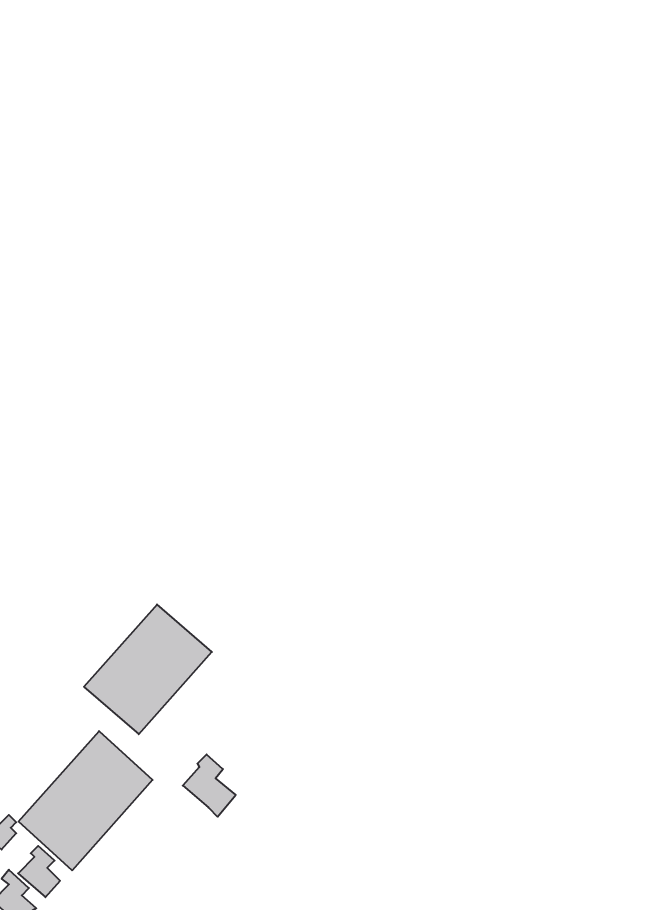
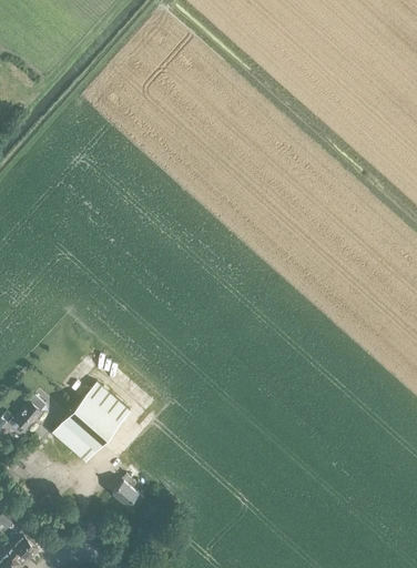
building: none -> [13,395,45,428]
building: [19,731,153,870] -> none

